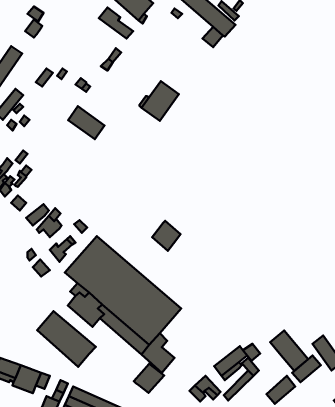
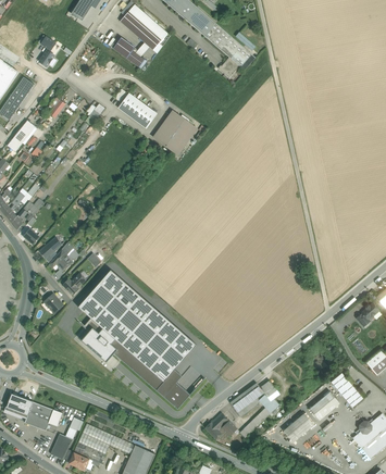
building: [68,106,104,139] -> [120,93,157,127]
building: [152,221,181,251] -> none
building: [37,311,96,367] -> none
building: [270,331,308,371] -> none
building: [134,364,164,393] -> none

